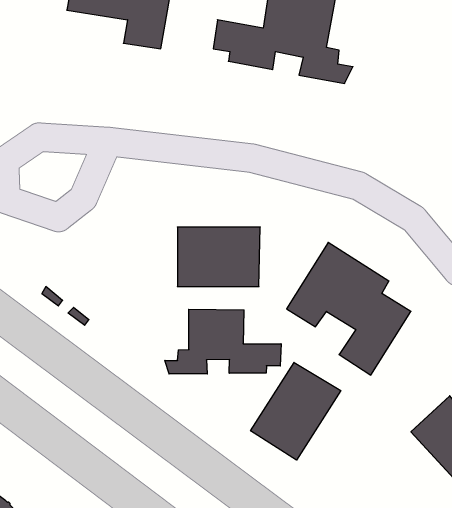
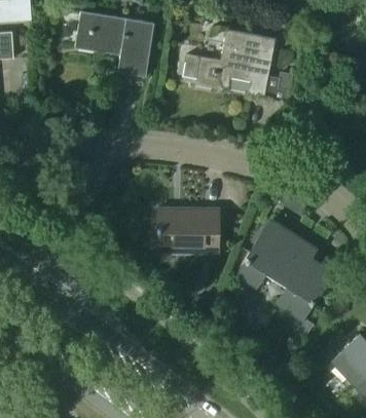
building: [165,309,281,374] -> none
building: [251,362,341,460] -> none

